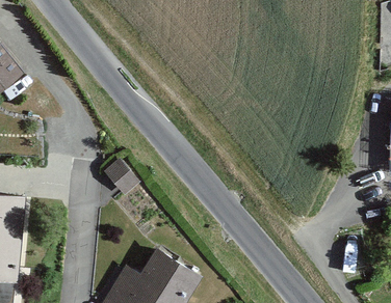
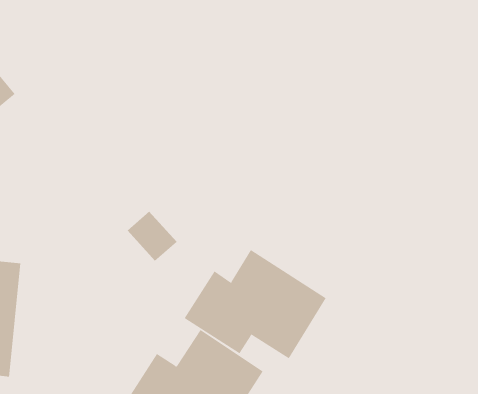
building: none -> [184,249,327,359]

